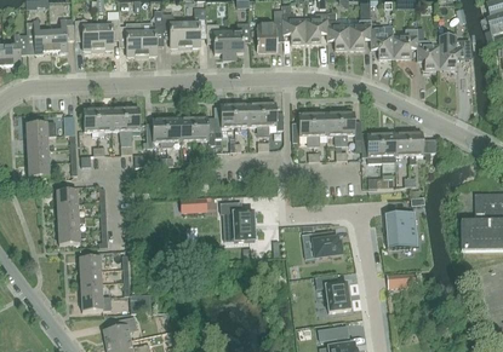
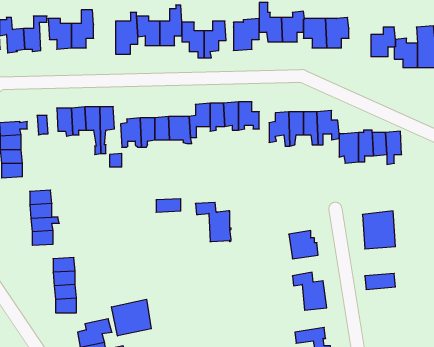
building: [119,23,141,56] -> none
building: [370,27,393,58] -> none
building: none -> [112,299,151,336]

